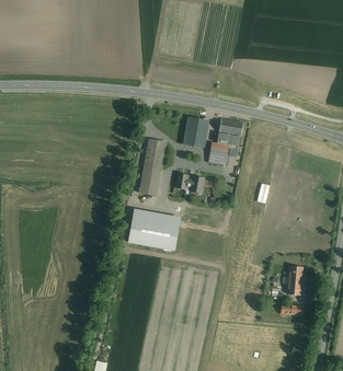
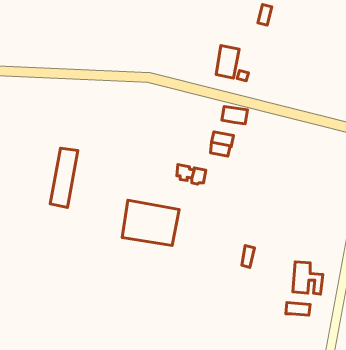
building: [183,117,205,148] -> [216,46,239,78]
building: [139,140,165,196] -> [50,148,78,207]

